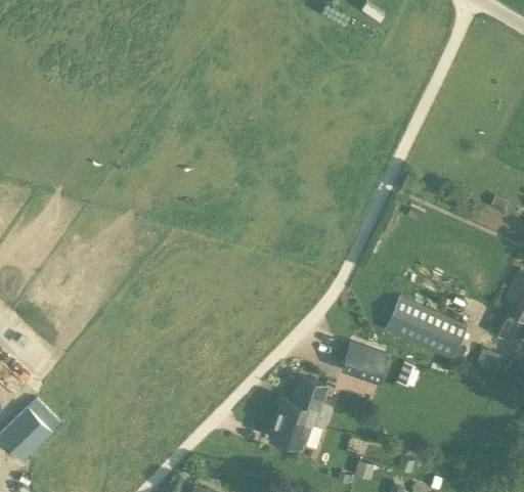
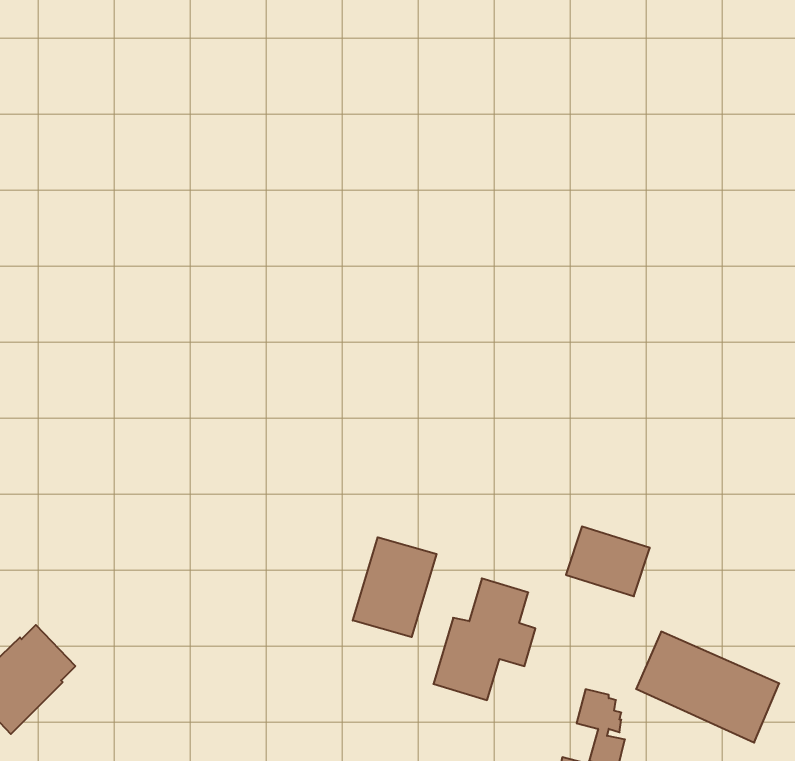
building: [388,297,470,360] -> [636,632,779,743]
building: none -> [353,537,437,637]

